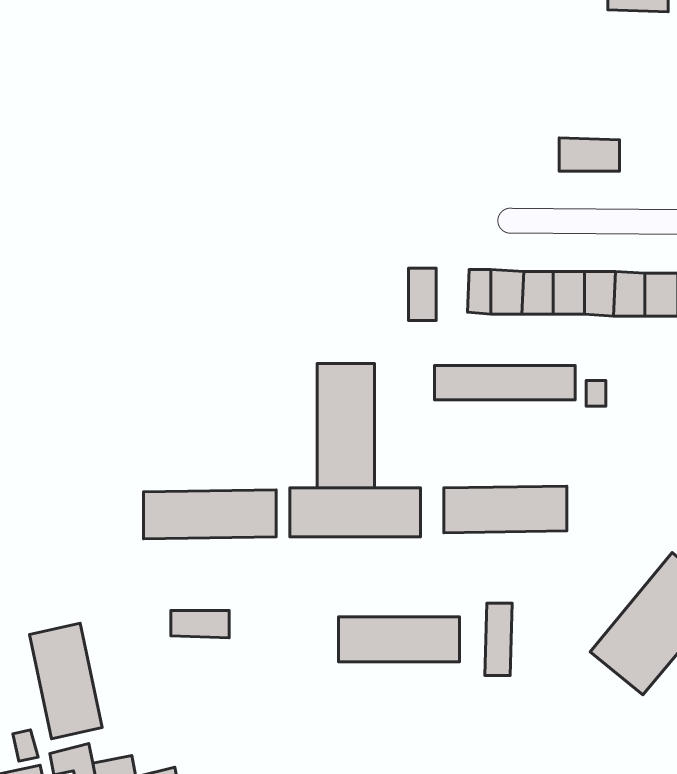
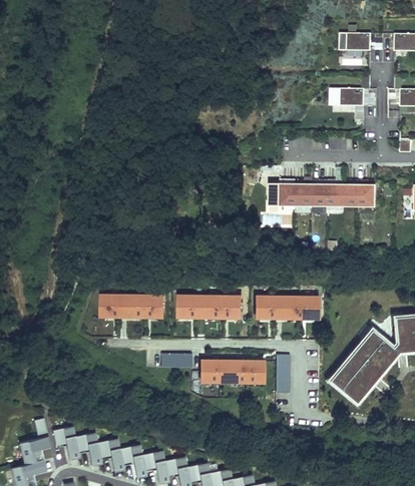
building: [559,138,620,171] -> [333,87,364,104]
building: [408,268,436,321] -> none
building: [317,364,375,488] -> none
building: [435,365,575,400] -> none
building: [171,610,229,638] -> [162,353,192,367]
building: [29,623,102,739] -> none

